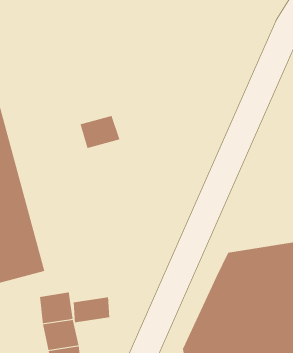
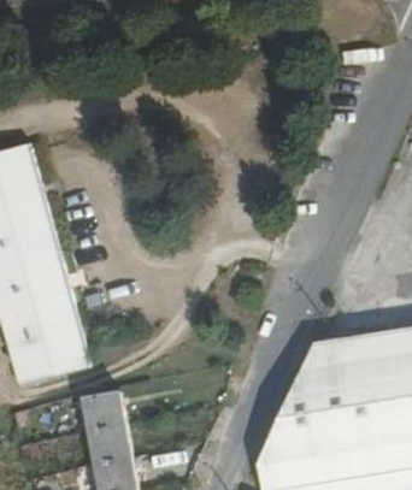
building: [80,115,120,149] -> none
building: [73,296,110,323] -> none

